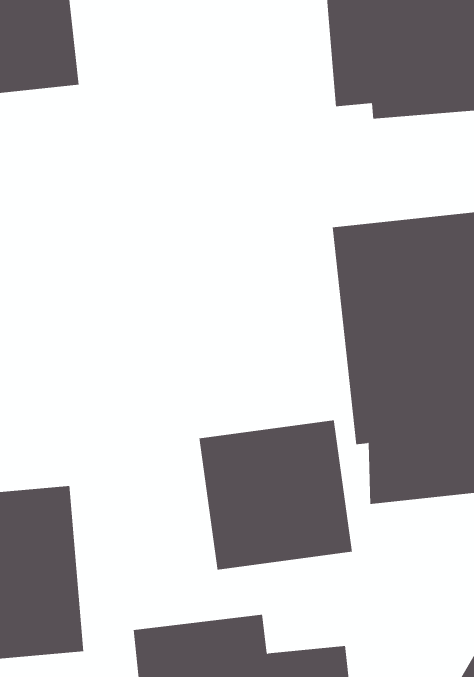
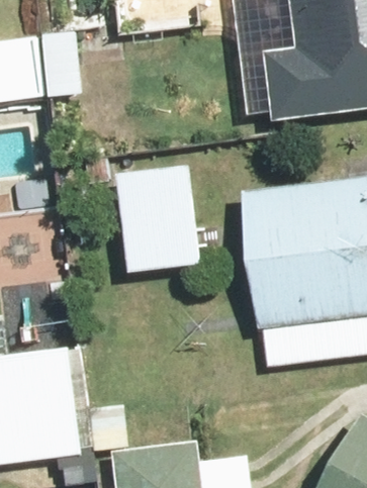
building: none -> [107,159,211,280]
building: [199,420,353,571] -> none

